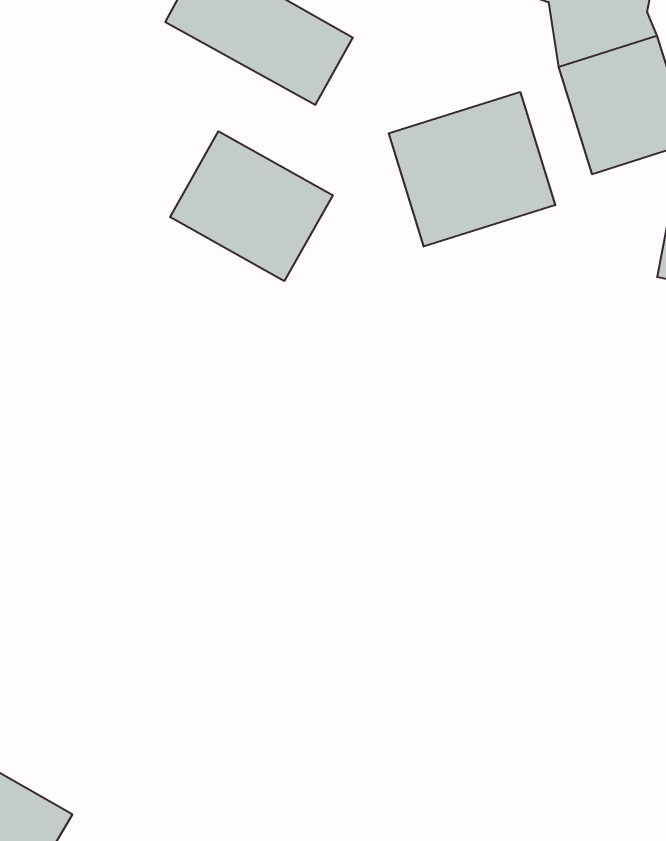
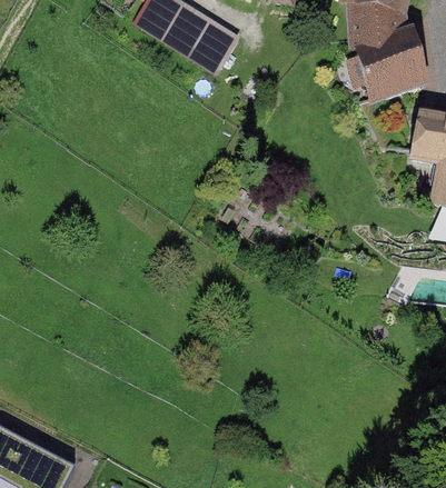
building: [389,92,555,247] -> none
building: [170,131,333,281] -> none

